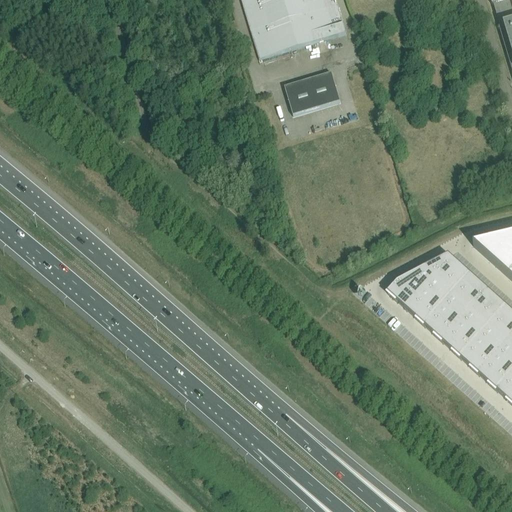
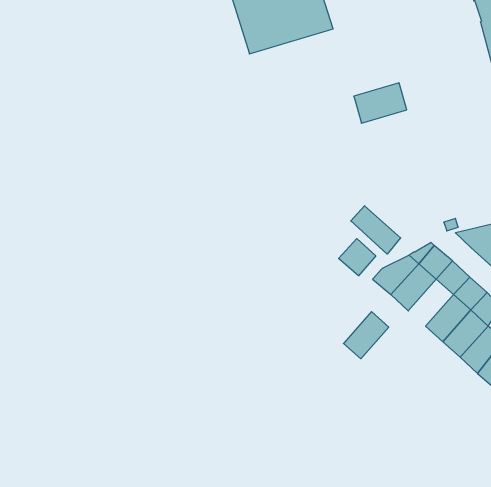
building: [286,70,341,112] -> [354,83,407,123]
building: none -> [351,206,401,254]
building: none -> [339,239,376,276]
building: [425,290,472,339] -> [343,312,389,359]

